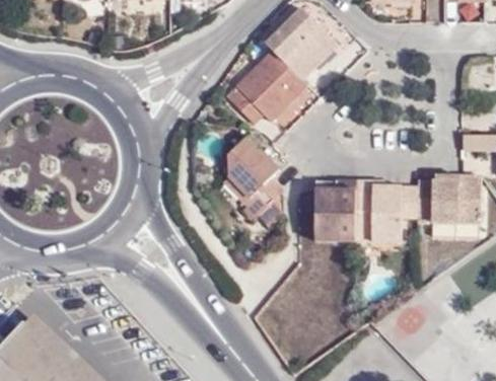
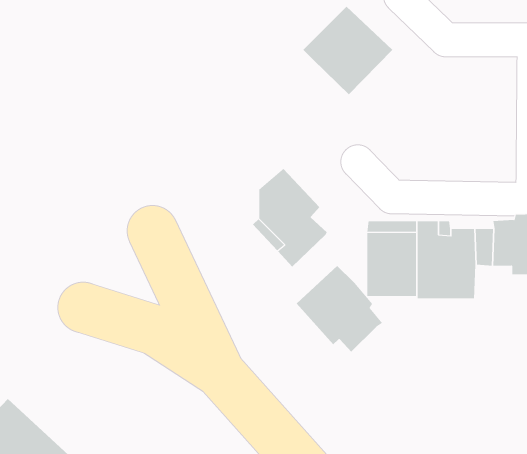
building: [230,51,307,126] -> none
building: none -> [296,265,383,352]

